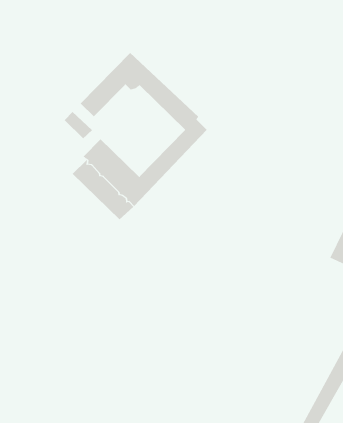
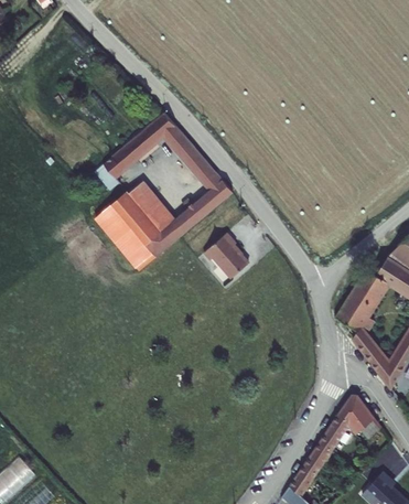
building: none -> [129,174,176,226]
building: none -> [203,229,250,278]

